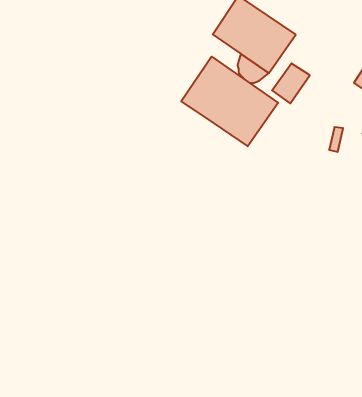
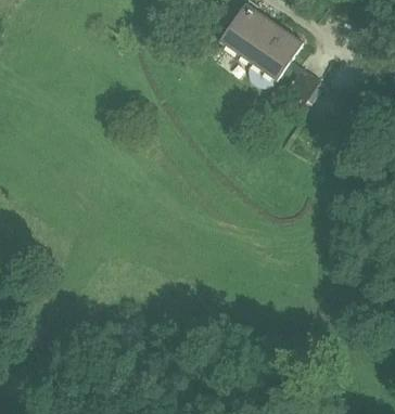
building: [181,57,278,146] -> none

